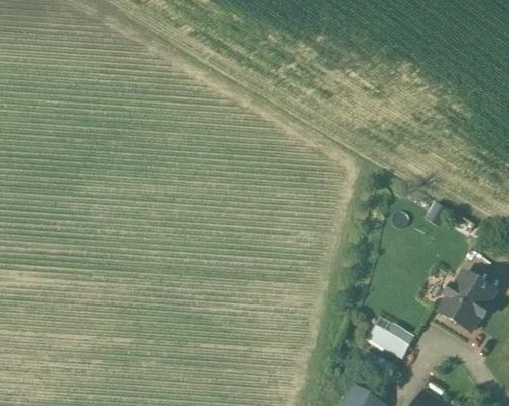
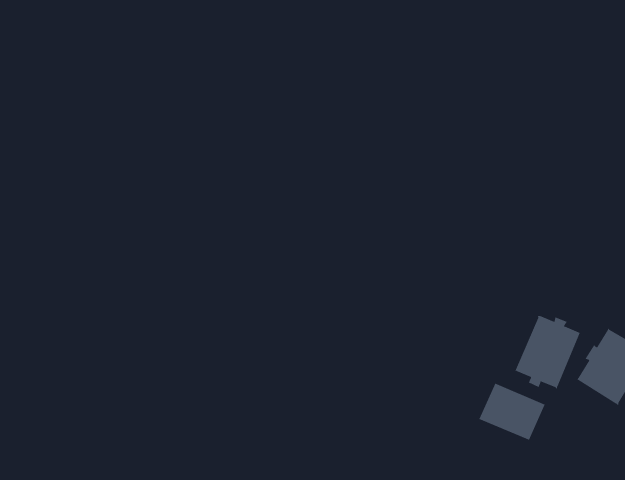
building: none -> [515,315,581,389]

